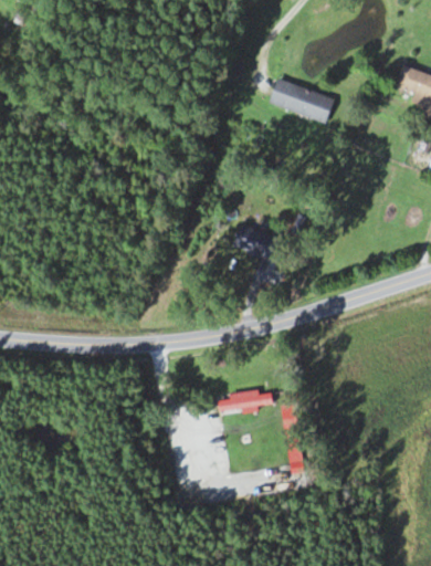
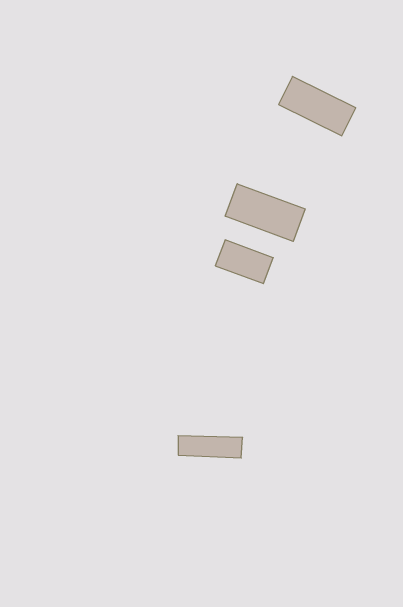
building: none -> [225,184,305,241]

